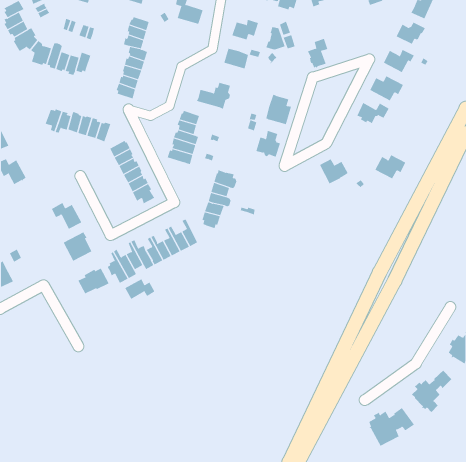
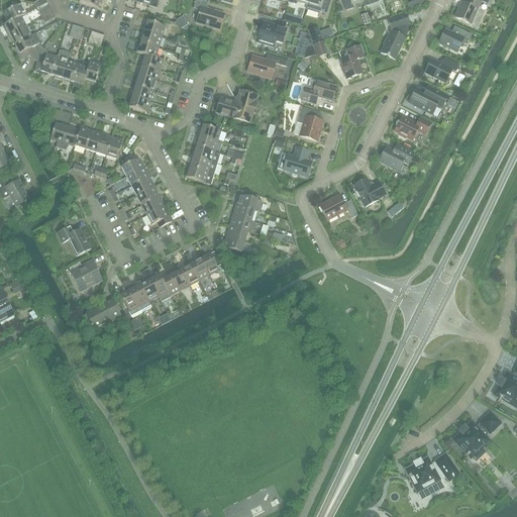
building: none -> [381,12,409,57]
building: none -> [301,78,336,101]
building: [374,154,406,179] -> [379,141,414,169]
building: none -> [319,192,357,218]
building: [125,279,155,300] -> none

